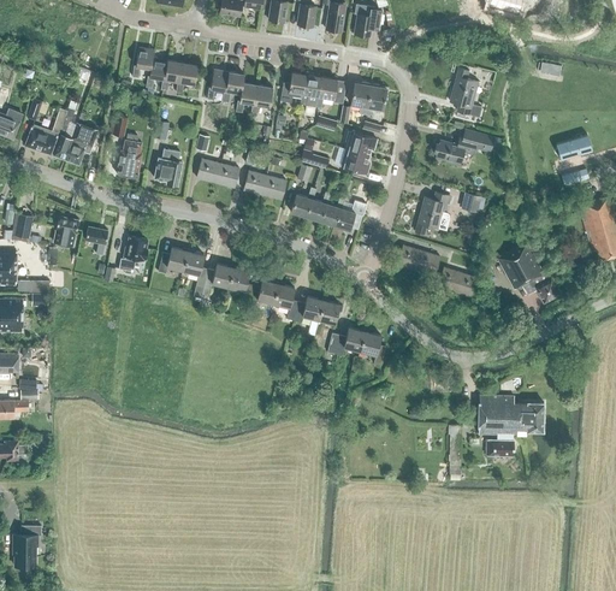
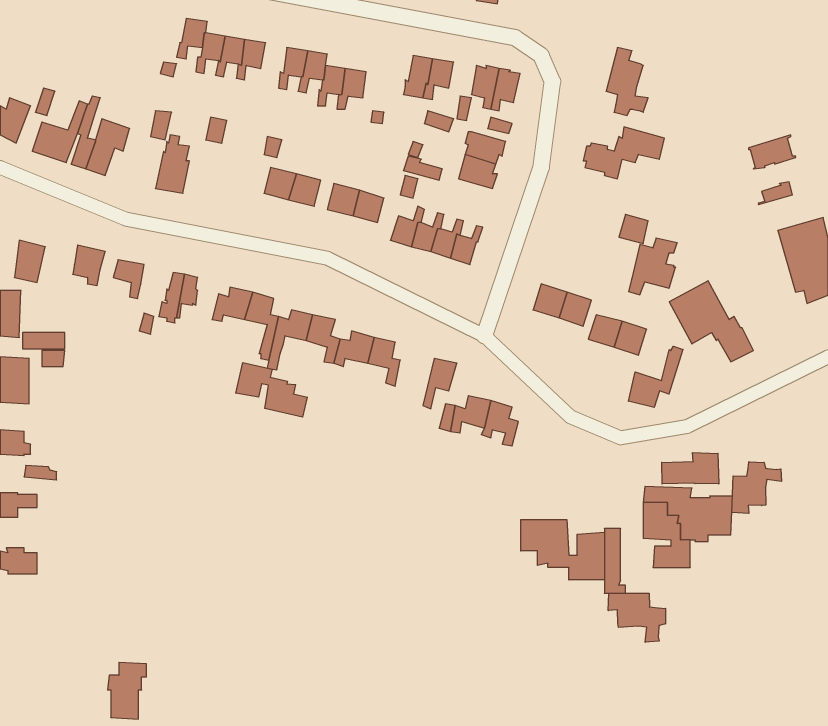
building: [279,72,307,102] -> none
building: [154,148,182,185] -> none
building: [415,193,451,235] -> [629,238,677,295]
building: none -> [628,346,683,407]
building: [294,296,322,335] -> none
building: none -> [236,363,307,417]
building: none -> [662,453,719,484]
building: none -> [732,462,781,513]
building: none -> [521,520,604,580]
building: none -> [608,593,666,642]
building: [12,525,41,567] -> [108,662,146,719]

